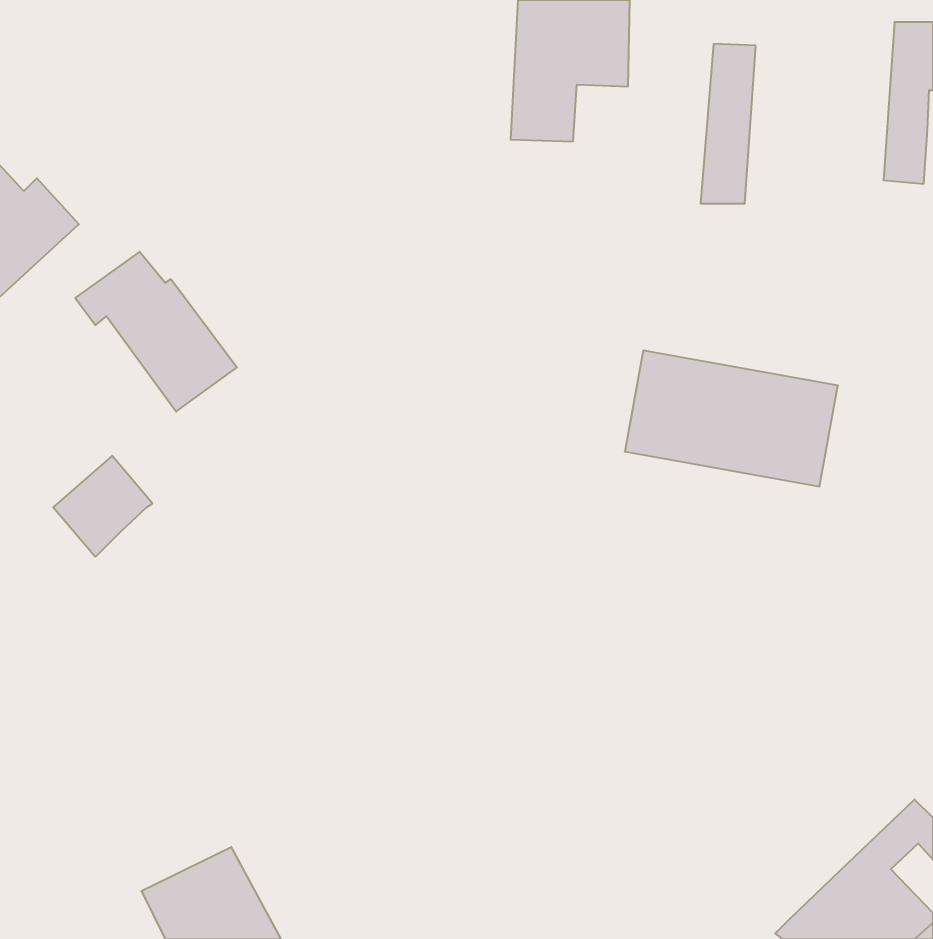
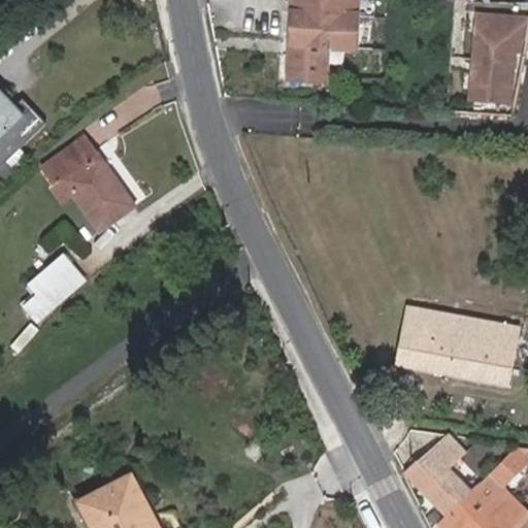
building: [701,44,756,204] -> [471,11,502,101]
building: [625,350,838,486] -> [396,307,516,384]
building: none -> [404,435,467,516]

